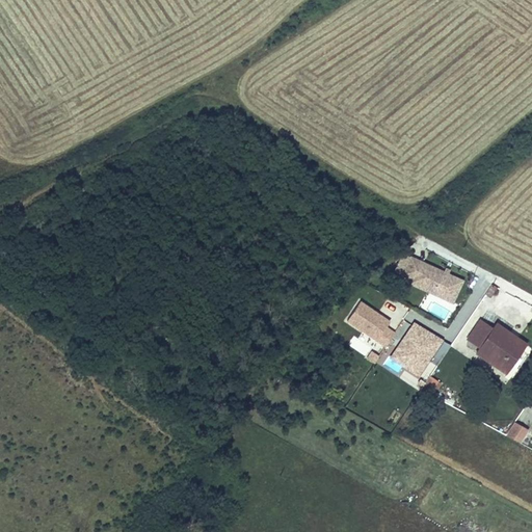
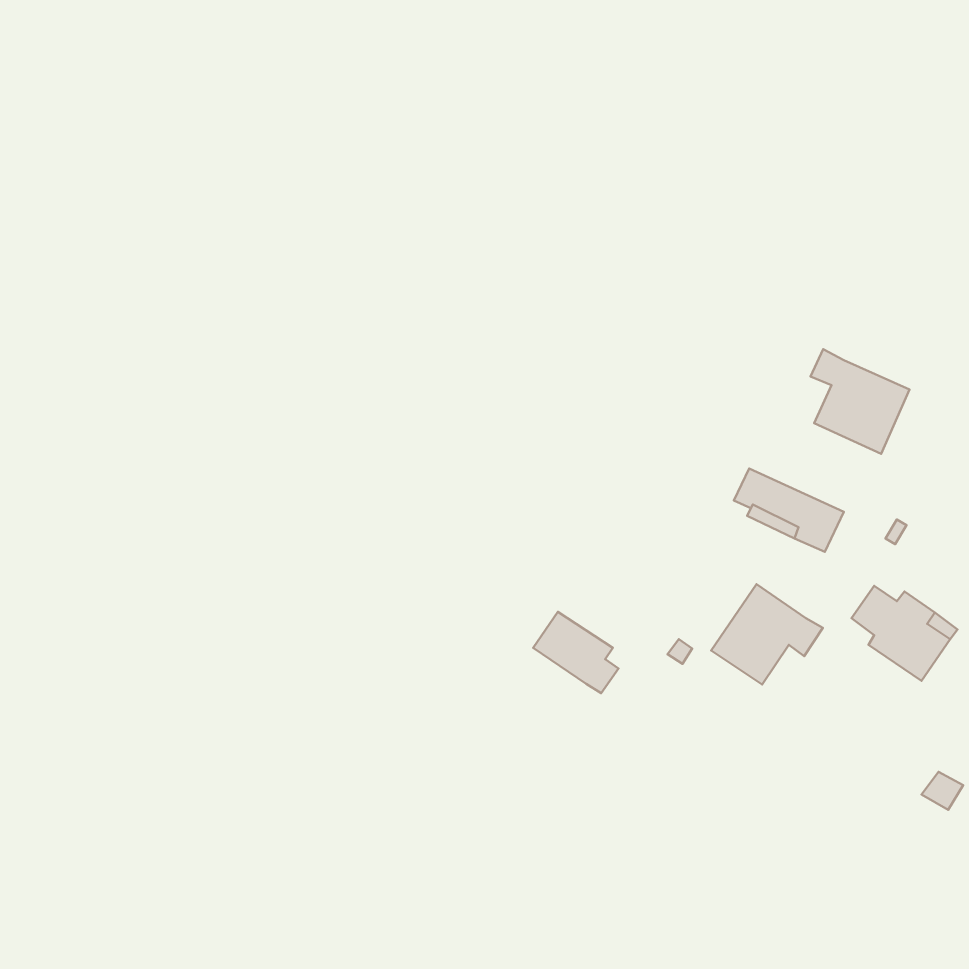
building: none -> [811,349,909,454]
building: [348,300,395,345] -> [533,612,618,693]

